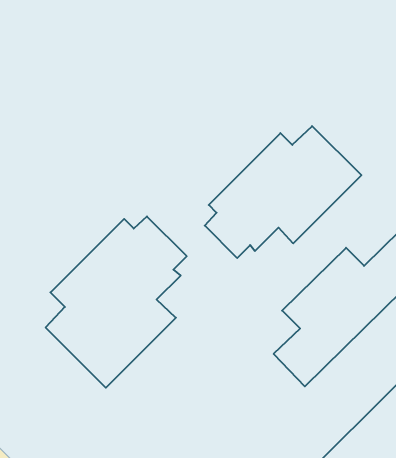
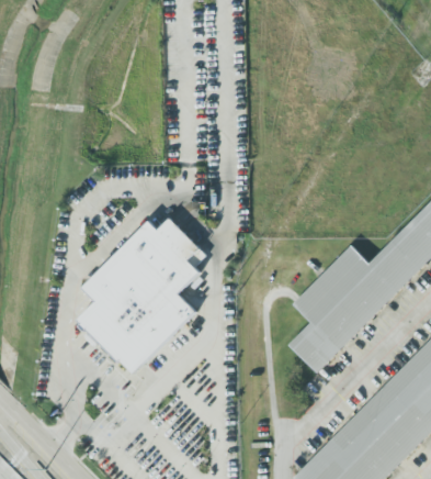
building: [205,126,361,258] -> none

